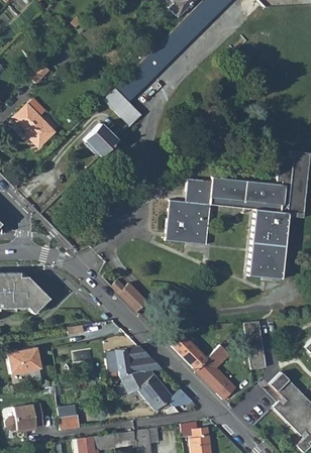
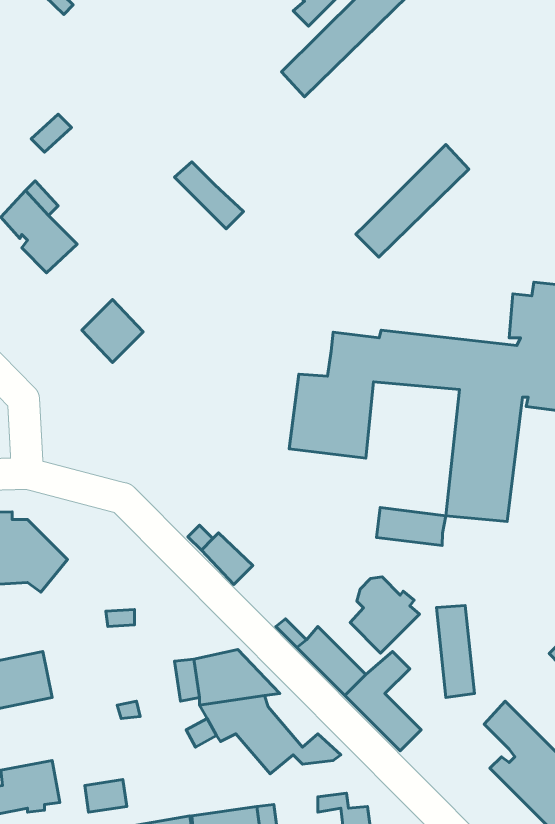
building: [115,40,175,100] -> [356,144,469,257]
building: [85,122,117,155] -> [82,299,143,363]
building: none -> [377,508,446,546]
building: none -> [350,577,419,653]

